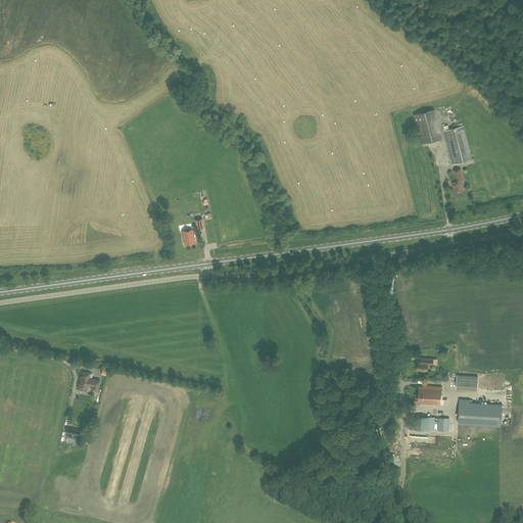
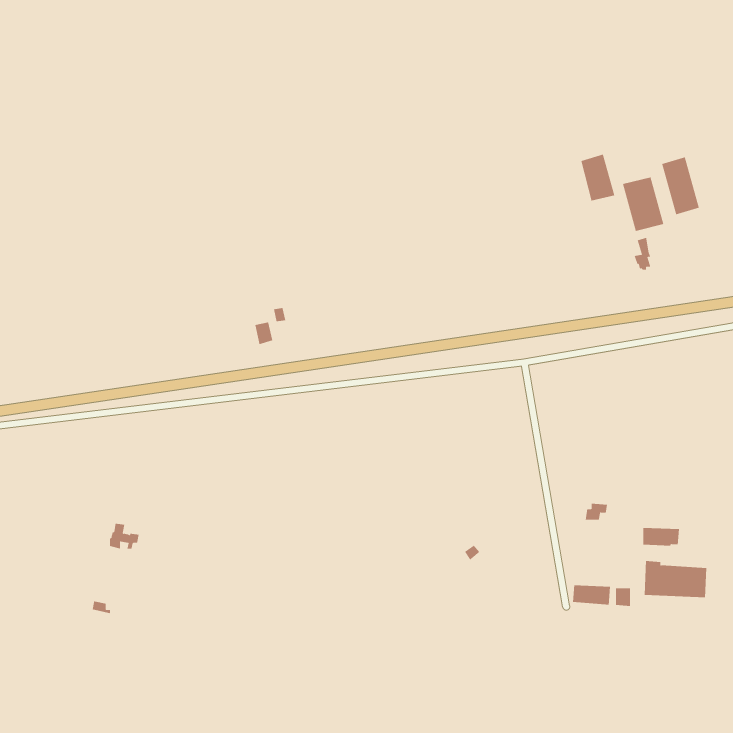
building: none -> [662,156,699,215]
building: [414,386,440,406] -> none

